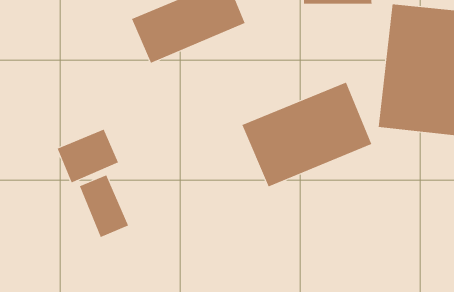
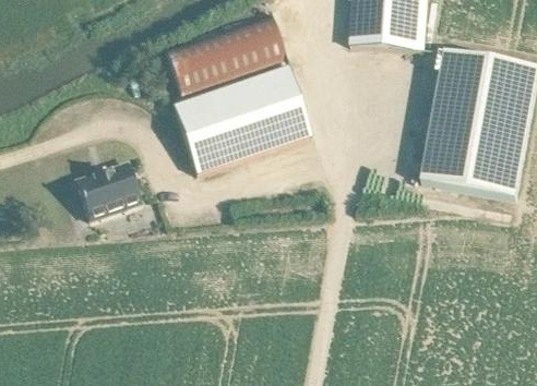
building: [241,82,372,187] -> [172,65,311,172]
building: [79,174,129,238] -> none

